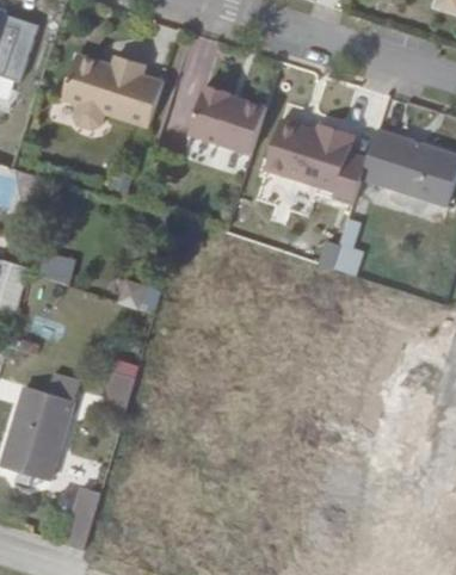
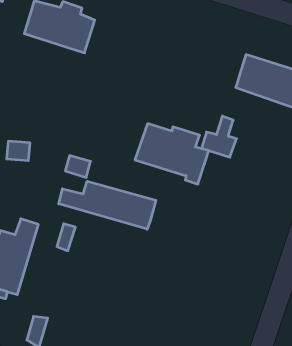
building: [190,86,264,154] -> none
building: [263,120,368,206] -> [135,124,209,184]
building: none -> [59,181,156,229]

